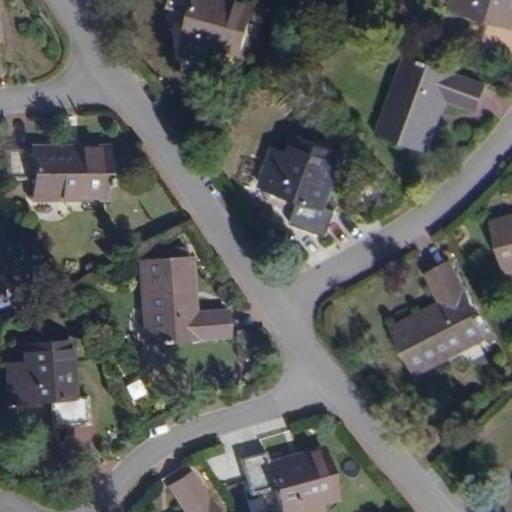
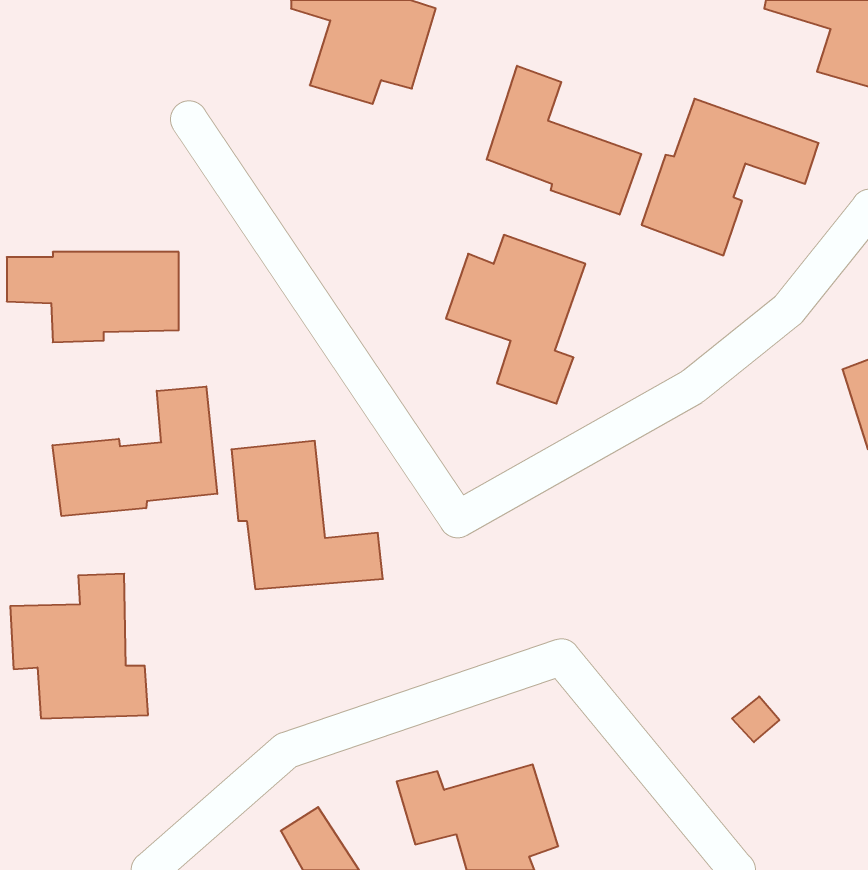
building: none -> [487,66,641,215]
building: none -> [53,386,217,516]
building: [394,254,484,370] -> none

